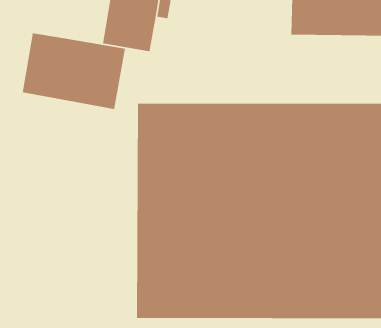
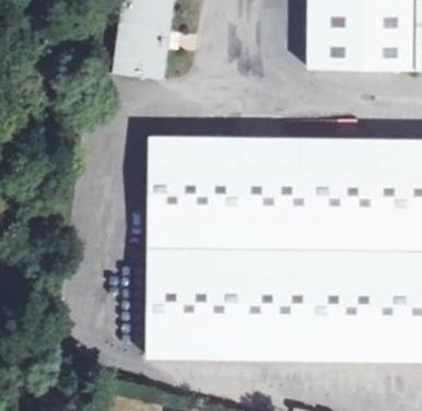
building: [22,32,125,110] -> none

